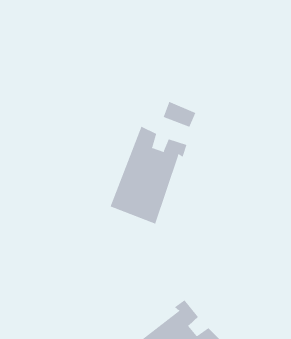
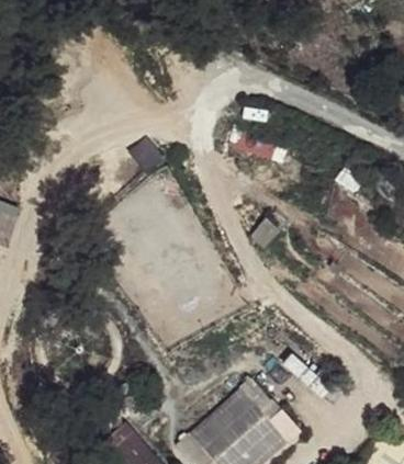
building: [110,126,187,225] -> none

